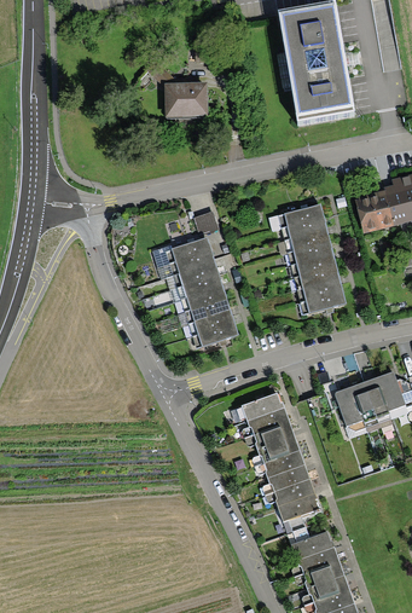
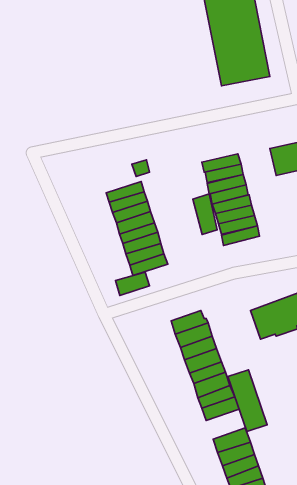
building: [167,86,205,114] -> none
building: none -> [193,194,217,235]
building: none -> [116,272,150,295]
building: none -> [228,370,267,432]

